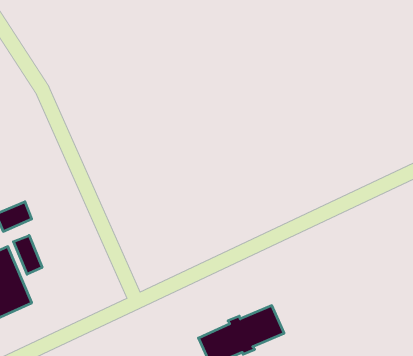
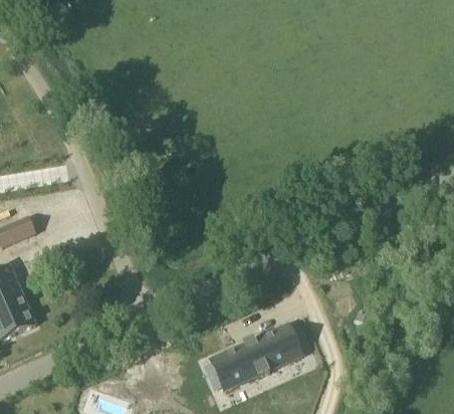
building: [13,235,42,274] -> none

